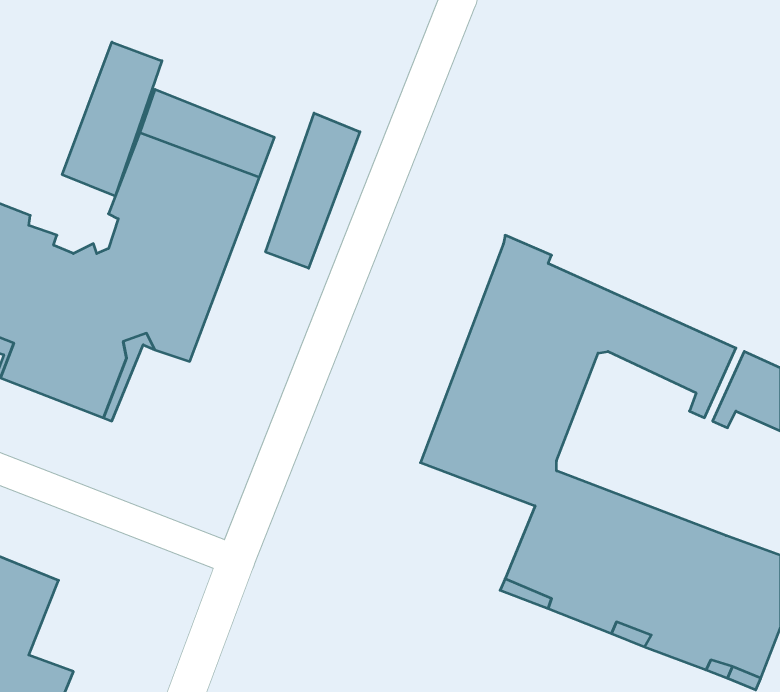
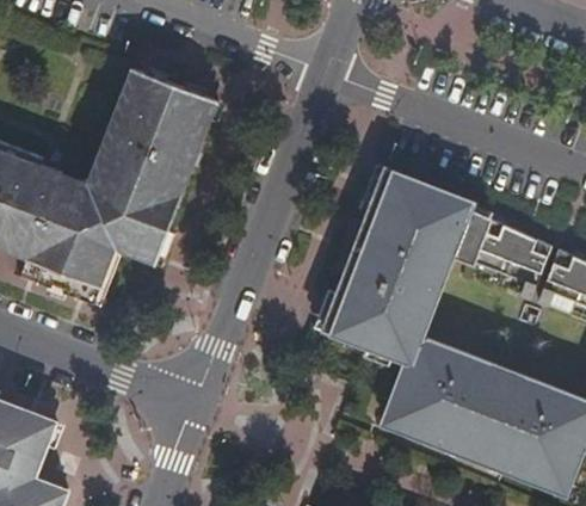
building: [62,42,162,196] -> none
building: [266,113,360,268] -> none

